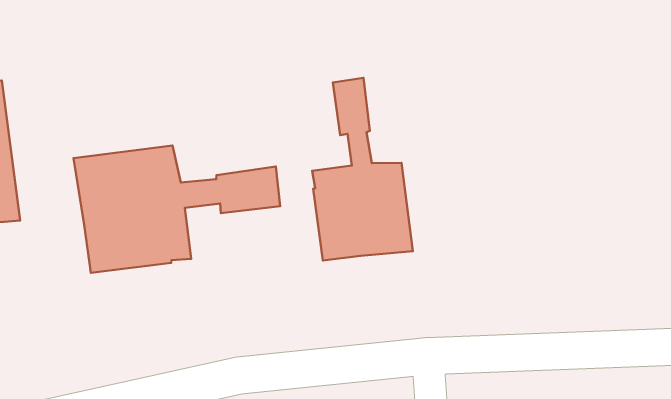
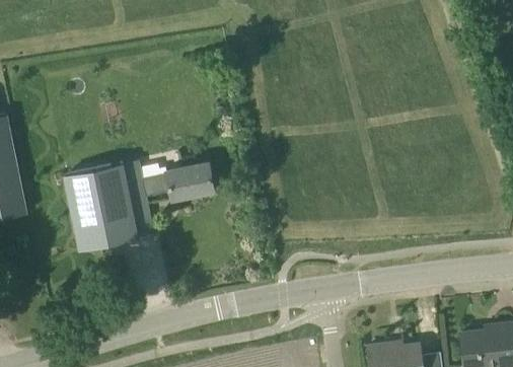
building: [312,78,413,261] -> none

